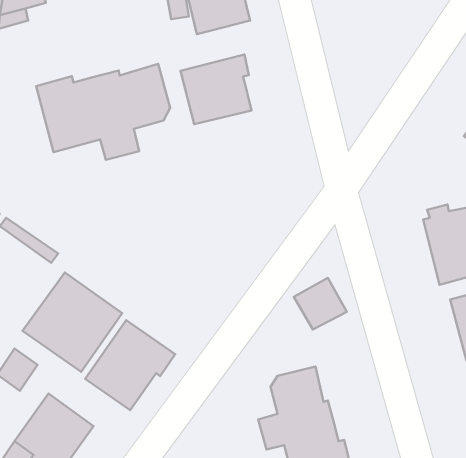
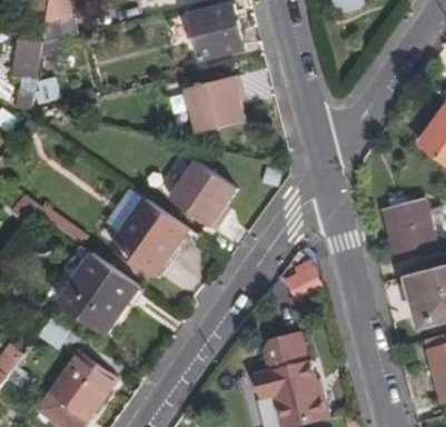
building: [36,64,170,160] -> none
building: none -> [170,160,236,229]
building: [85,320,175,410] -> [112,198,186,271]

